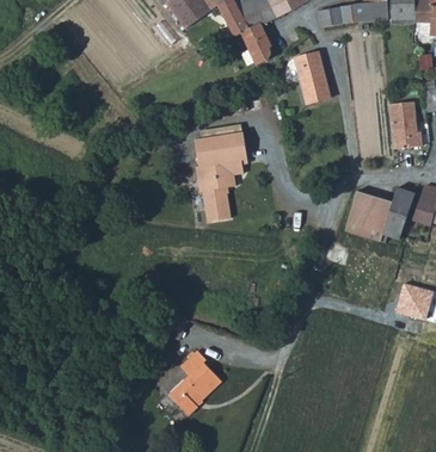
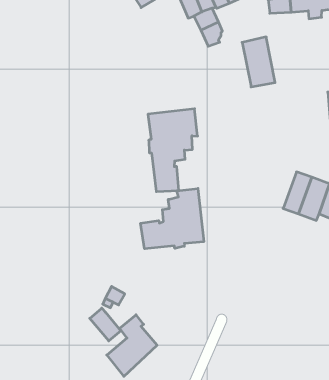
building: none -> [141,188,204,249]
building: none -> [90,308,121,341]

